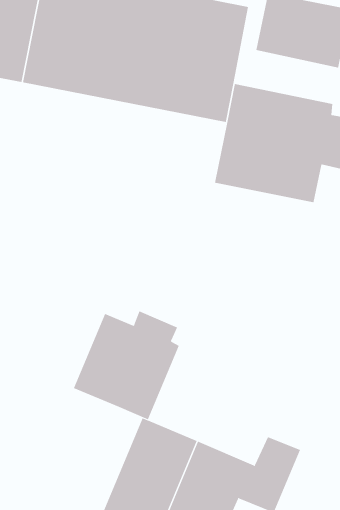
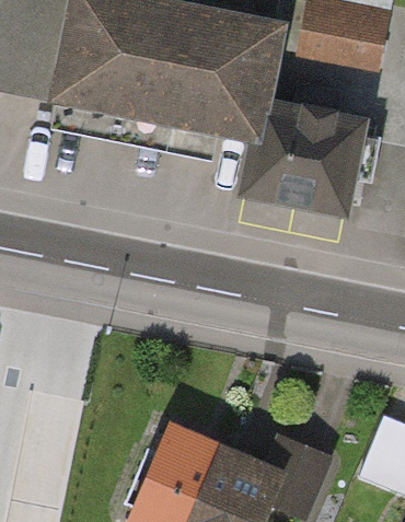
building: [73,311,180,420] -> none

